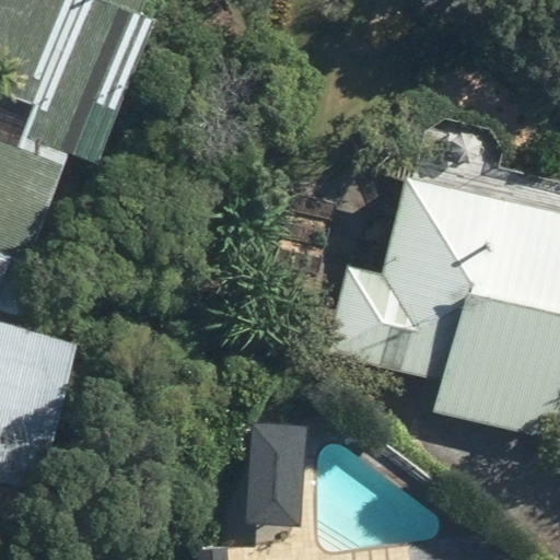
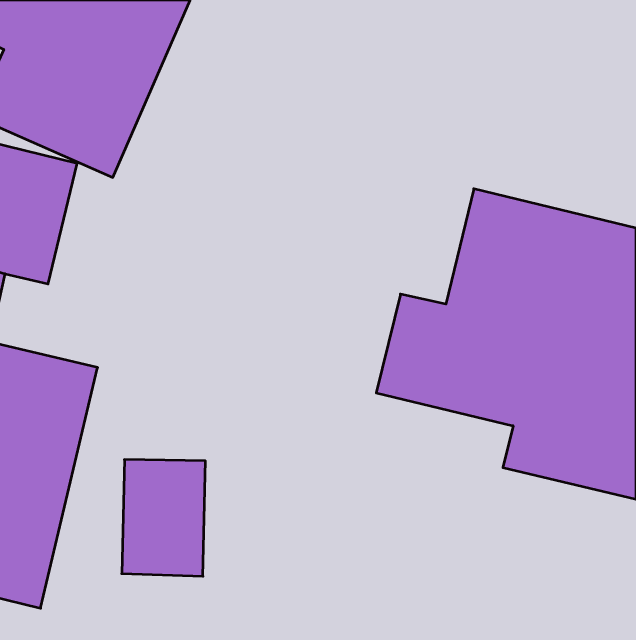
building: [231,427,303,527] -> [122,460,205,576]

